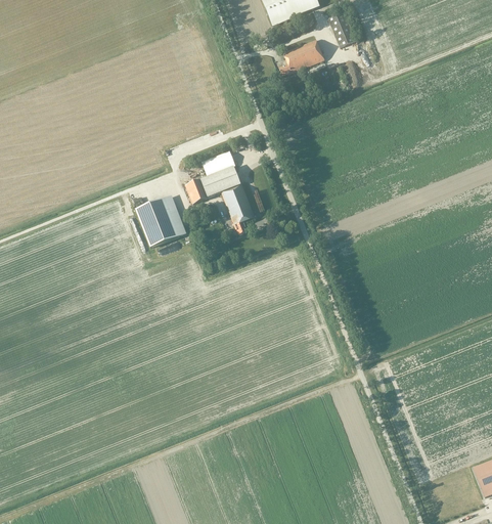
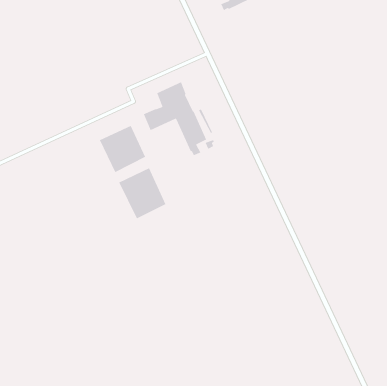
building: none -> [118,167,167,220]

